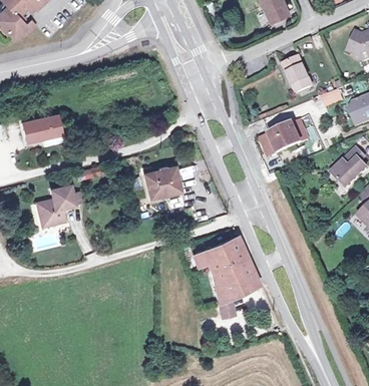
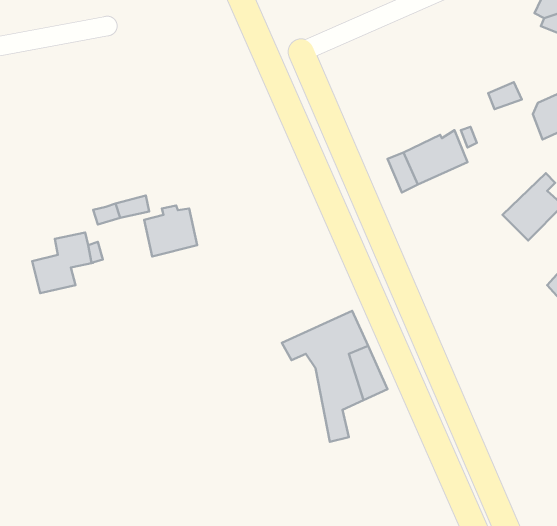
building: [288,56,316,91] -> none
building: [20,114,60,143] -> none
building: [144,165,177,198] -> [144,205,197,256]

